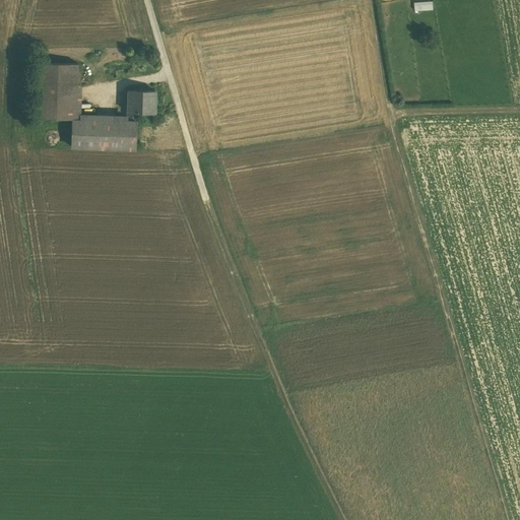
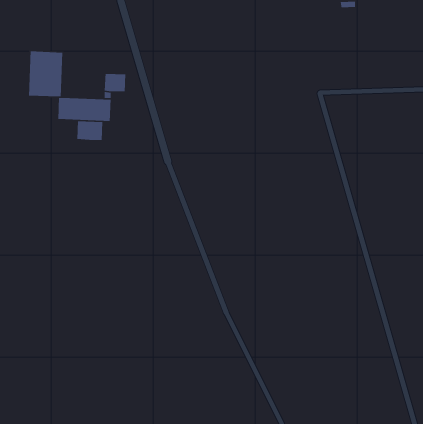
building: none -> [76,121,103,141]

